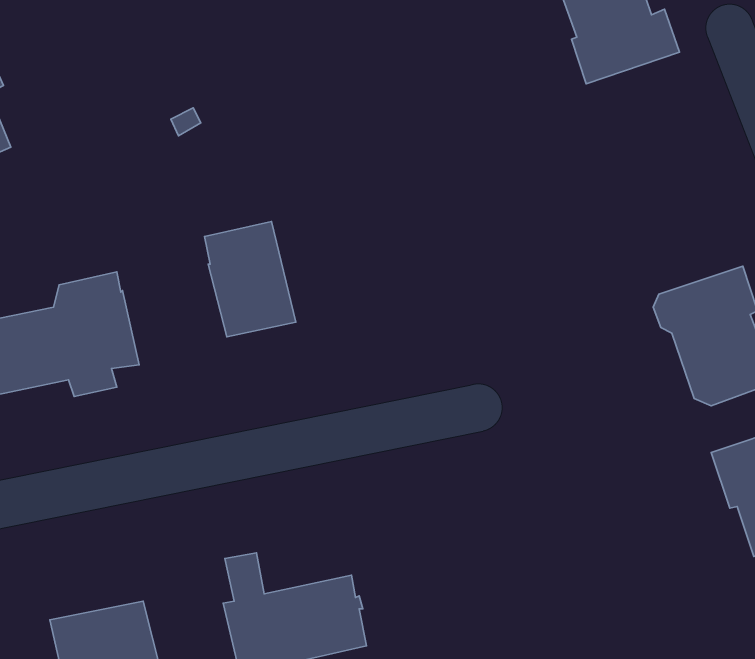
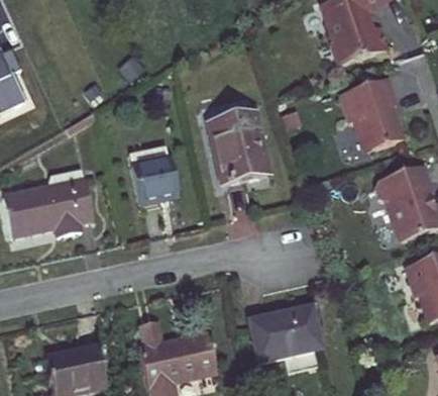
building: none -> [337,78,401,151]
building: none -> [209,111,269,183]
building: none -> [249,304,322,362]

